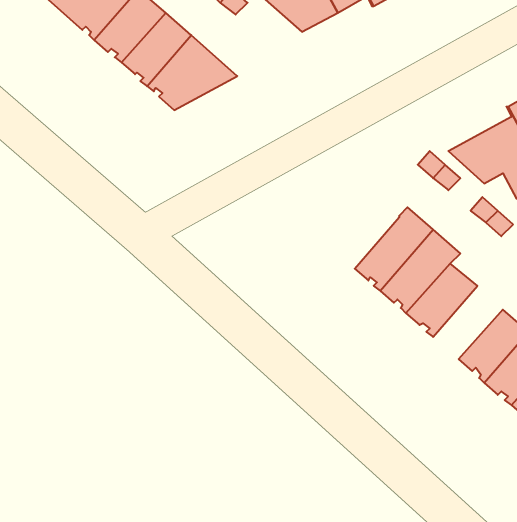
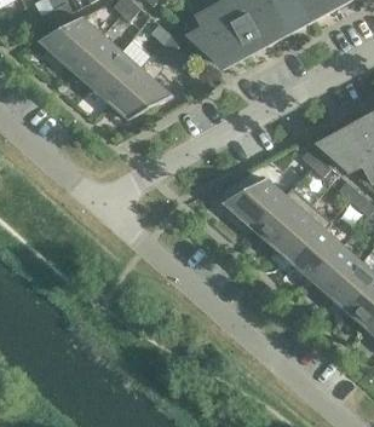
building: none -> [221,178,287,232]
building: none -> [311,244,361,296]

